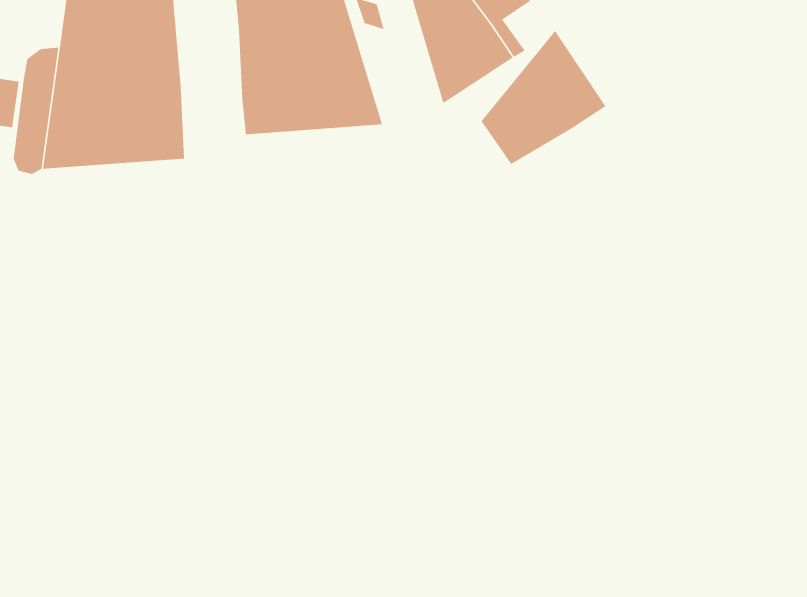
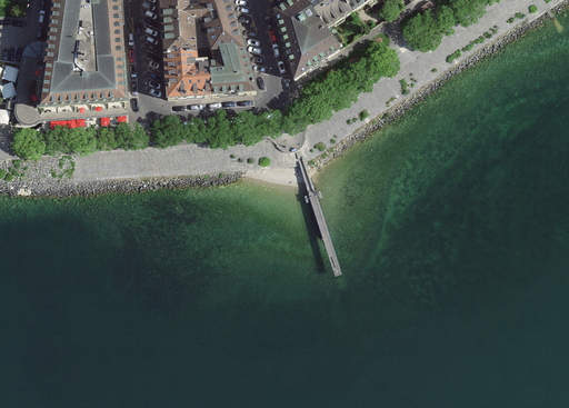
building: [481,30,606,165] -> none

